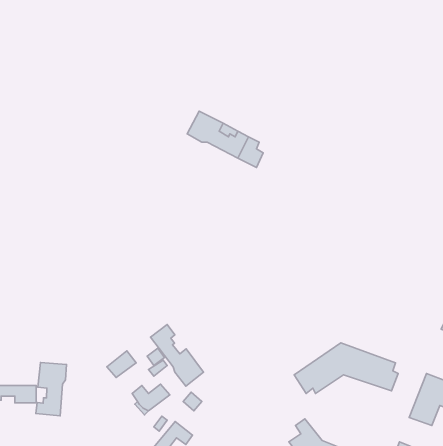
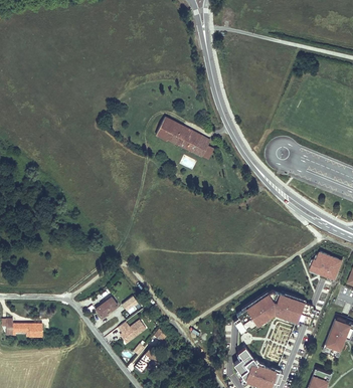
building: none -> [310,251,344,280]
building: [150,325,204,386] -> none
building: [36,363,66,416] -> none

